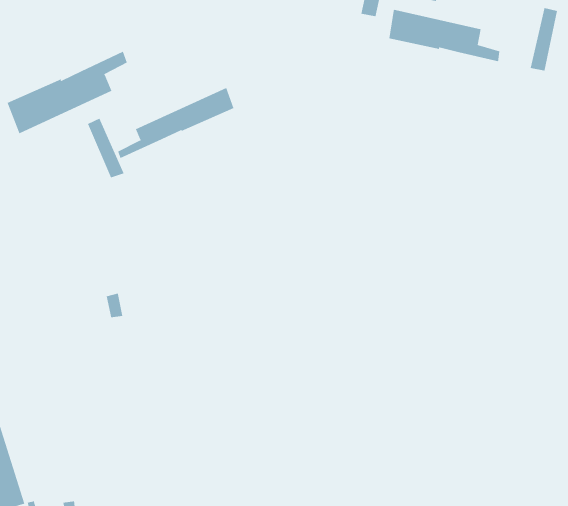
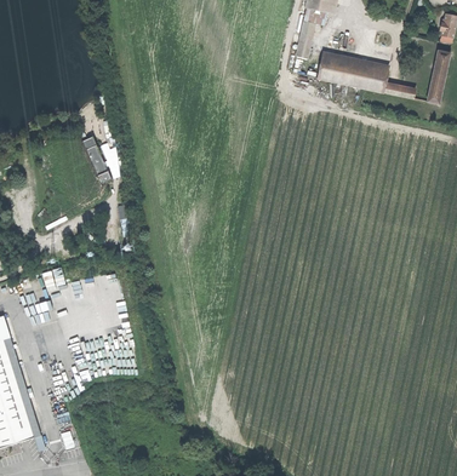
building: [7,51,128,134] -> none
building: [118,87,234,159] -> none

